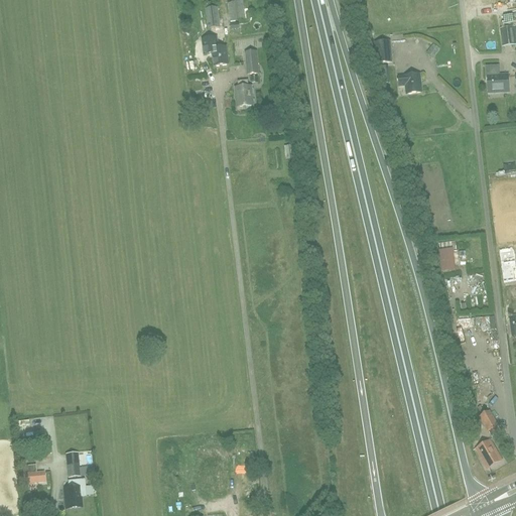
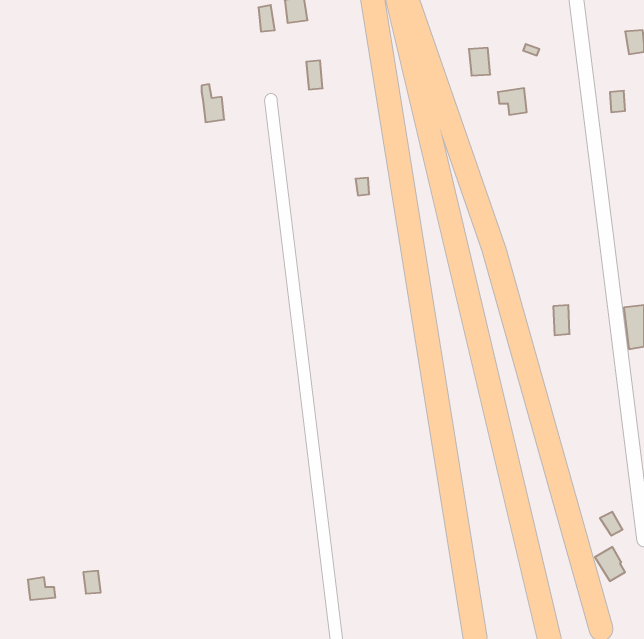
building: [211,33,229,63] -> [202,84,224,122]
building: [235,78,253,104] -> none
building: [64,478,82,506] -> none

